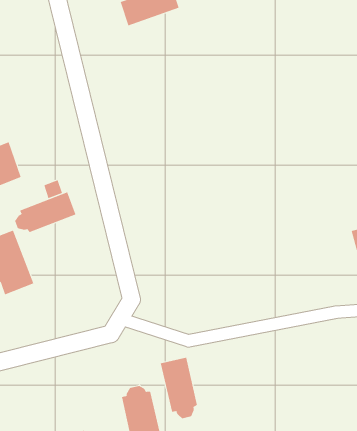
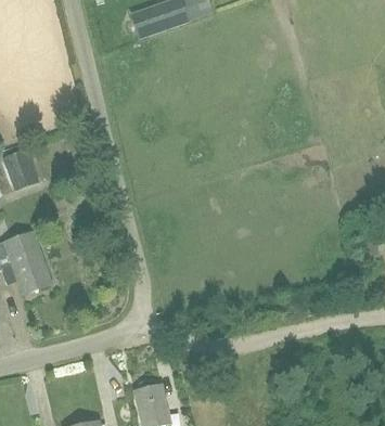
building: [14,192,76,233] -> none
building: [160,357,198,419] -> none

